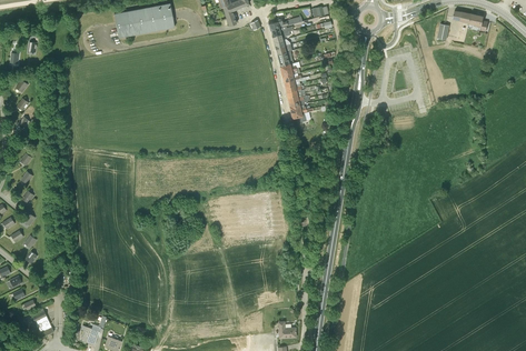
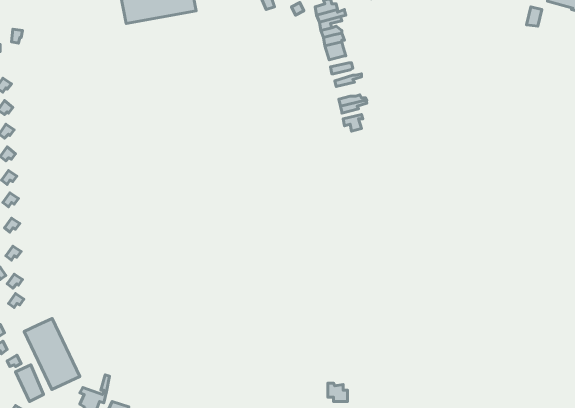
building: none -> [24,318,80,389]

